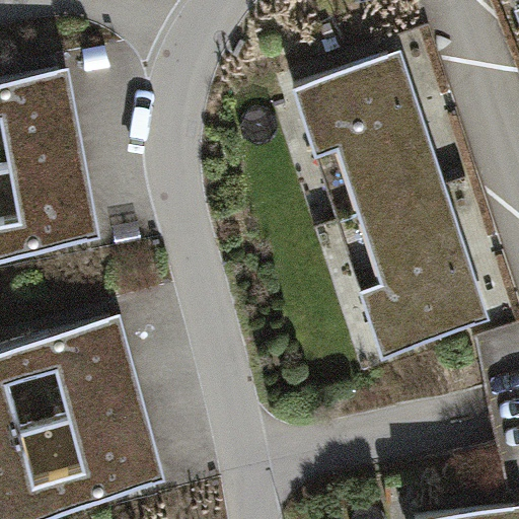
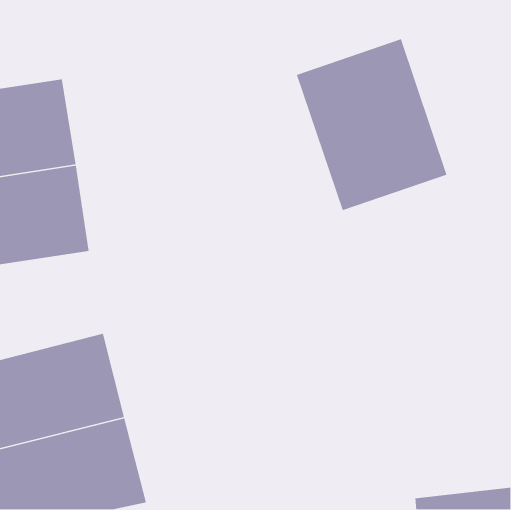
building: [345,176,499,350] -> none

